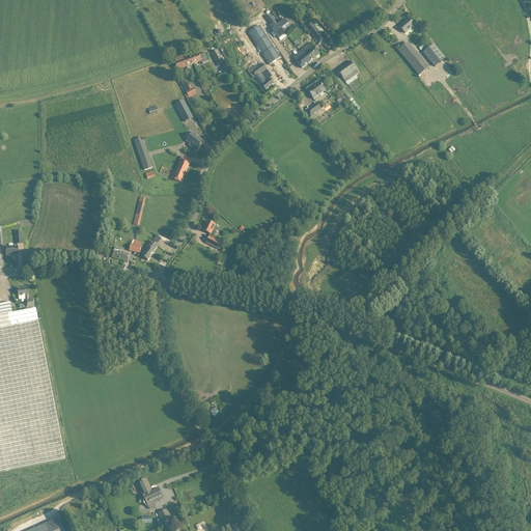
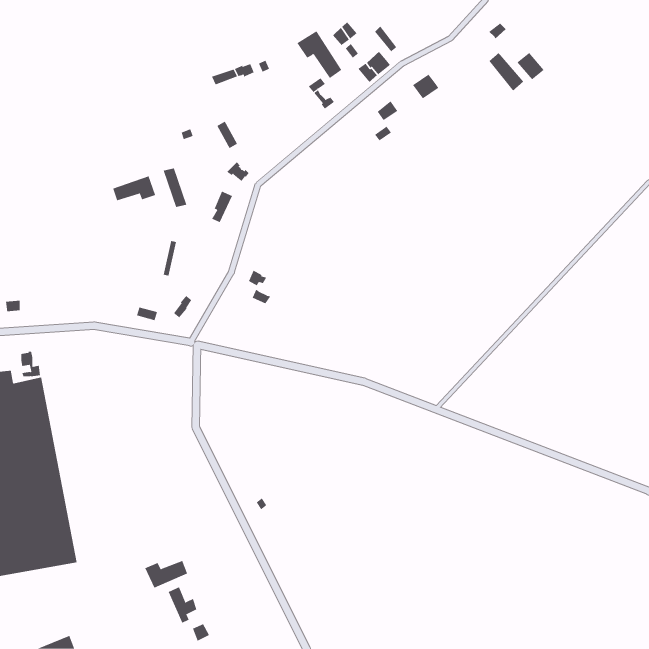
building: none -> [113,176,156,201]
building: none -> [145,560,188,589]

